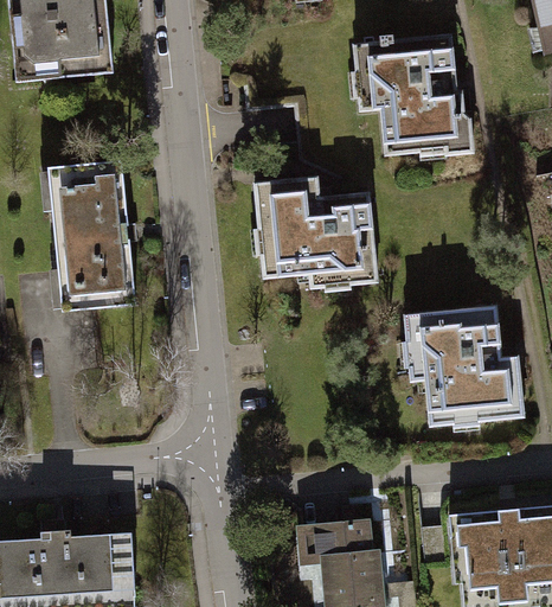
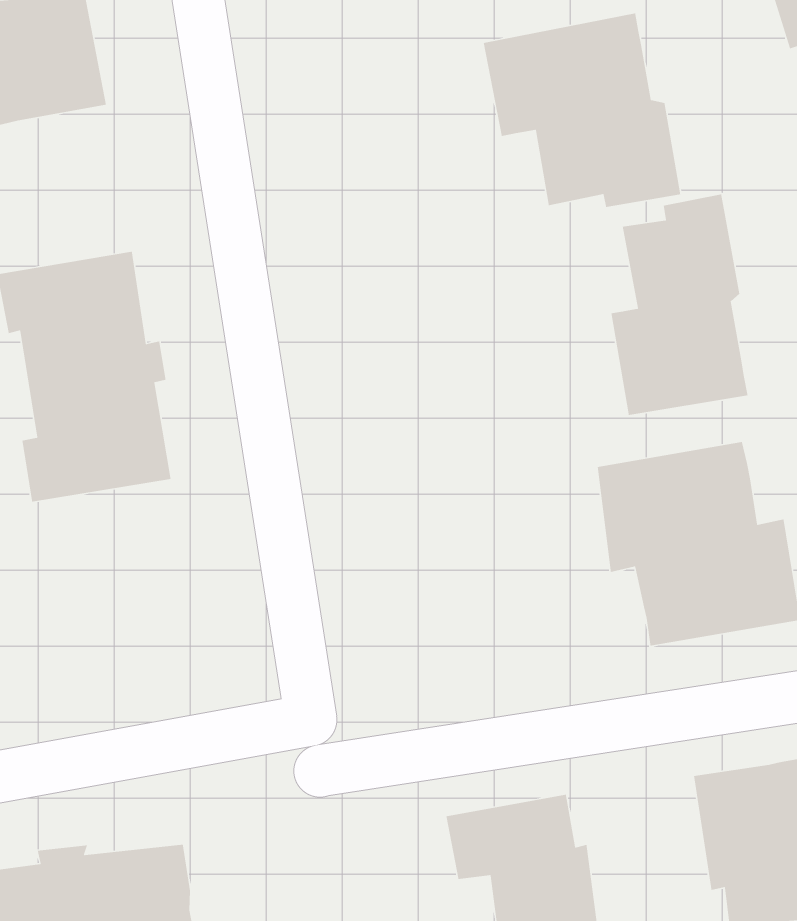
building: none -> [611,193,748,416]
building: [251,178,379,292] -> none

